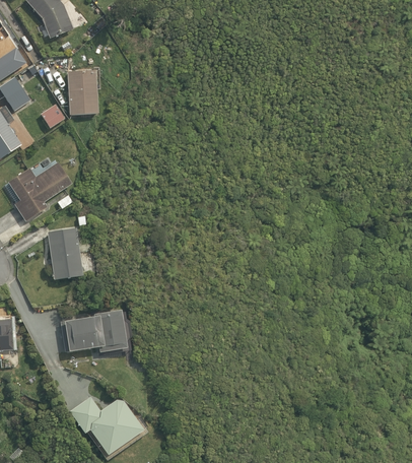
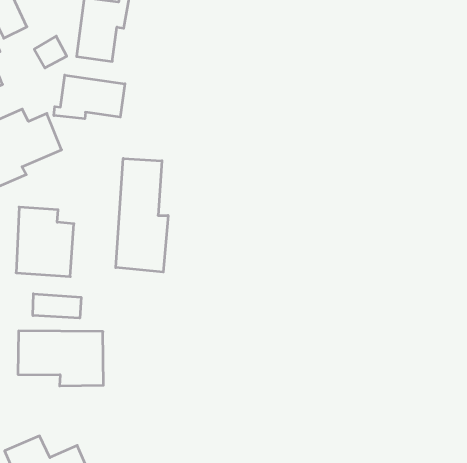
building: none -> [54,75,125,119]
building: none -> [116,158,168,272]
building: none -> [33,294,81,318]

